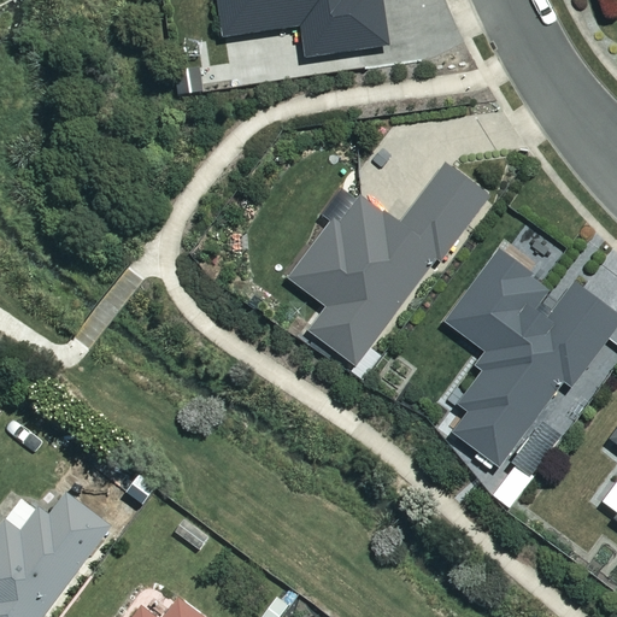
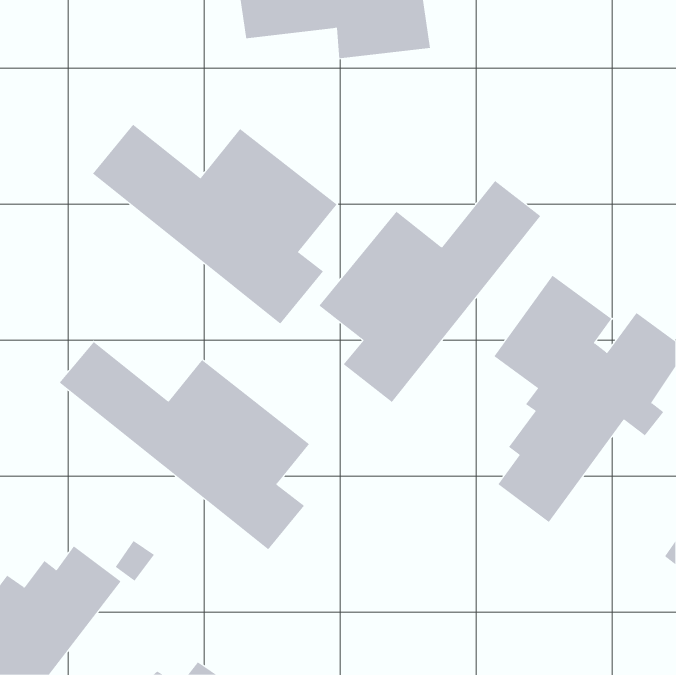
building: none -> [92,124,337,324]
building: none -> [59,341,310,550]

